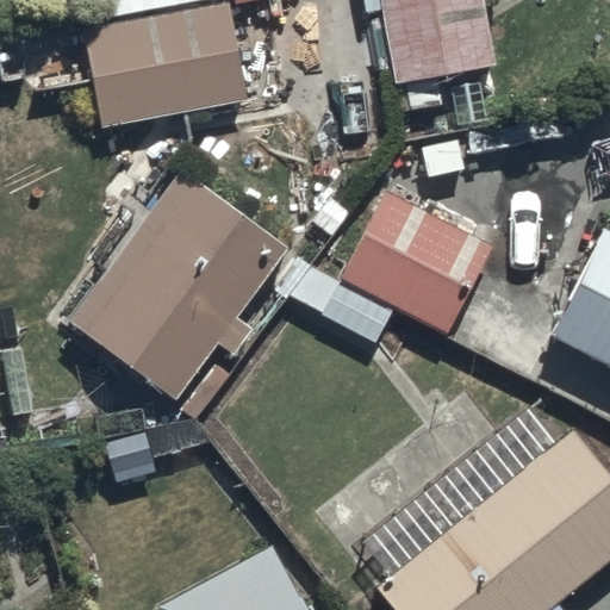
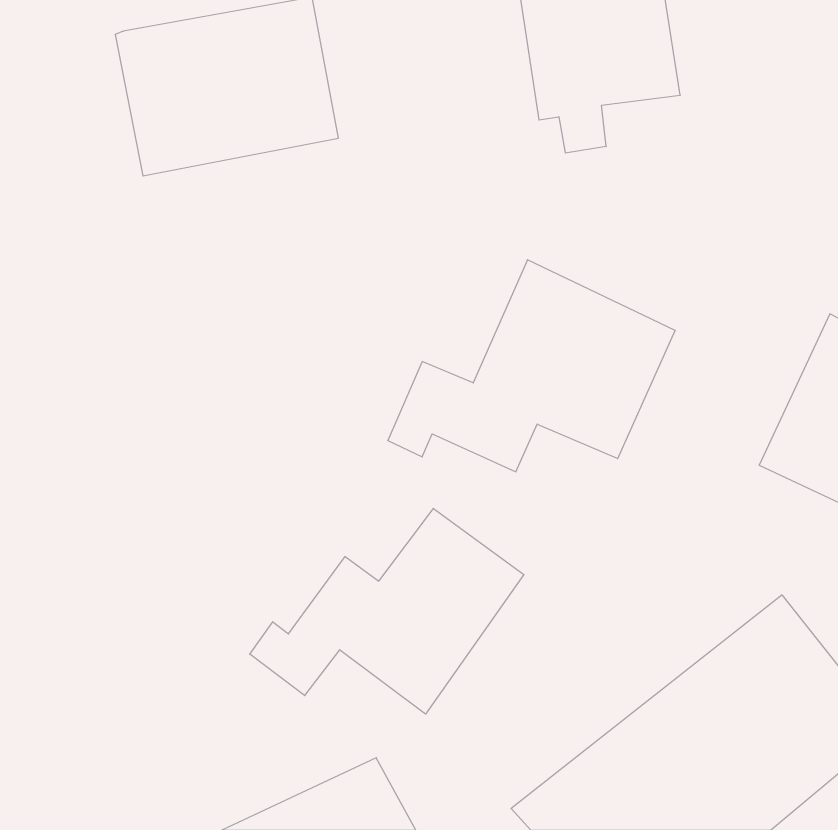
building: [67,169,287,404] -> none
building: none -> [250,508,524,714]

